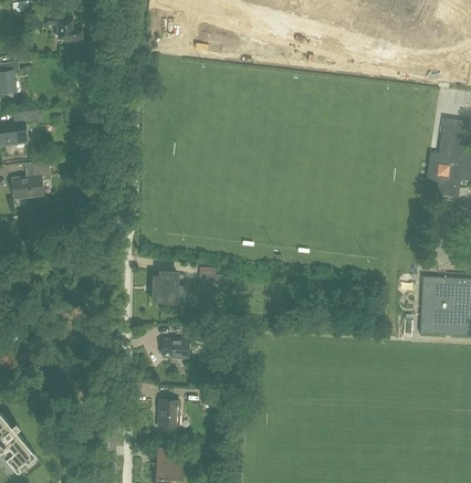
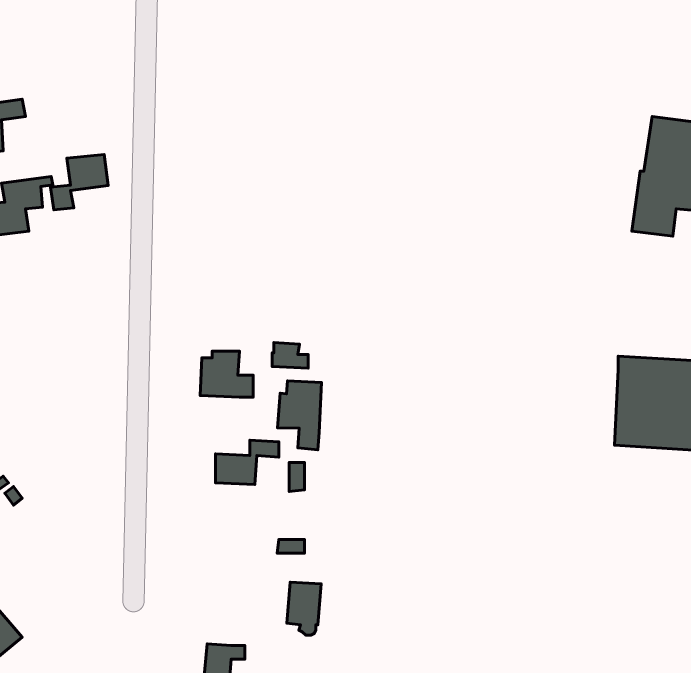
building: none -> [51,155,108,210]
building: none -> [277,381,322,450]
building: [157,399,179,433] -> [287,582,321,635]

